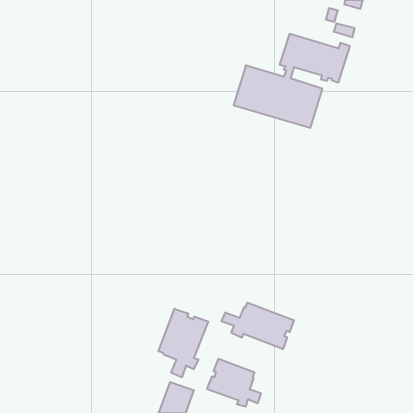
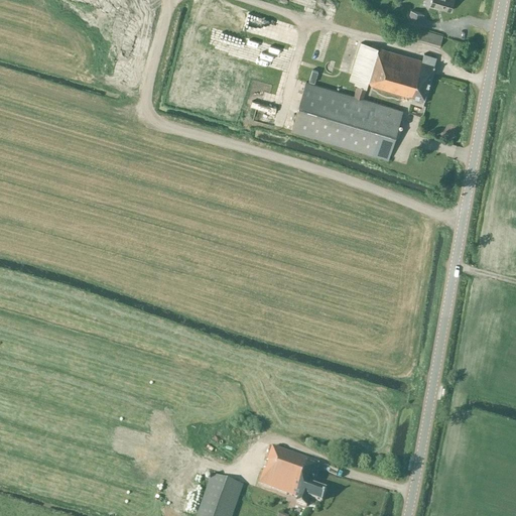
building: [222,303,294,349] -> none
building: [158,309,208,377] -> none

